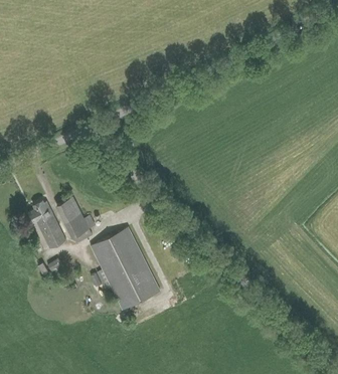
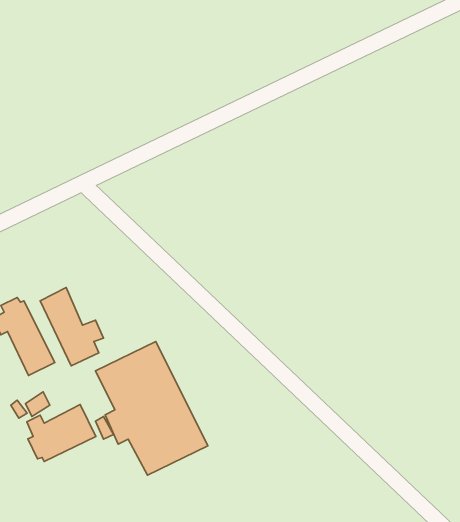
building: none -> [27,405,96,462]

